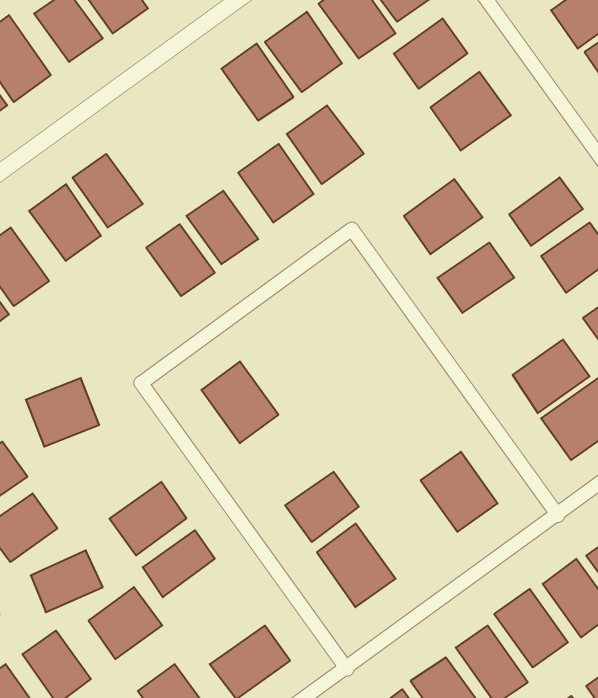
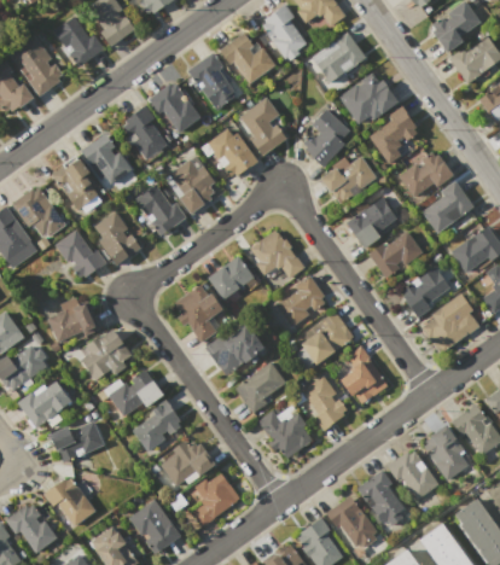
building: none -> [151,83,199,135]
building: none -> [122,106,170,157]
building: none -> [297,107,353,164]
building: none -> [368,109,420,158]
building: none -> [92,211,141,264]
building: none -> [58,227,106,279]
building: none -> [368,227,423,278]
building: none -> [248,228,306,289]
building: none -> [208,255,254,298]
building: none -> [274,275,329,326]
building: none -> [300,315,354,365]
building: none -> [208,322,262,373]
building: none -> [79,328,133,380]
building: none -> [298,374,349,429]
building: [89,587,162,659] -> [162,437,215,489]

